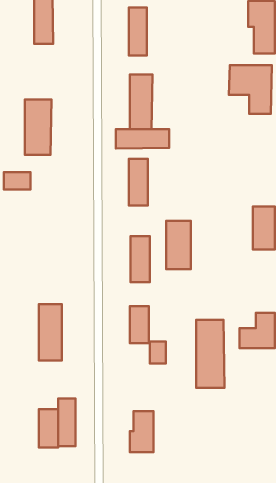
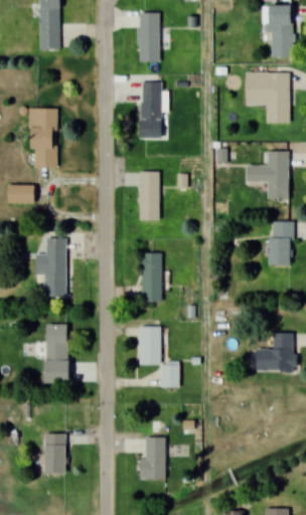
building: [116,129,169,149] -> none
building: none -> [246,151,289,200]
building: [166,221,191,269] -> none
building: none -> [35,237,78,297]
building: [196,320,225,388] -> none
building: [58,398,76,446] -> none

